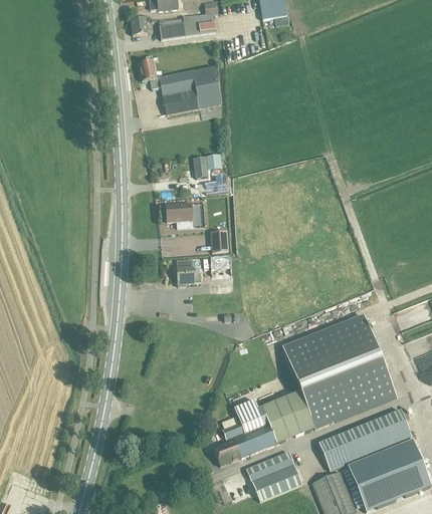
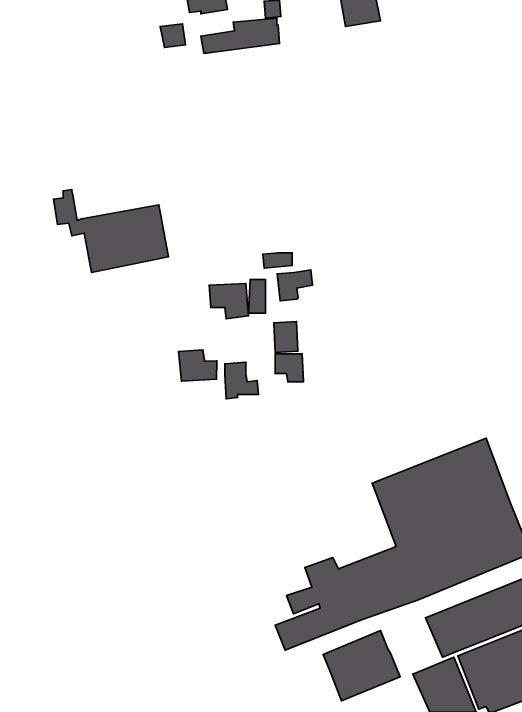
building: [140,55,222,114] -> [53,189,169,272]
building: [194,155,219,177] -> [277,270,312,301]
building: none -> [179,350,217,381]

